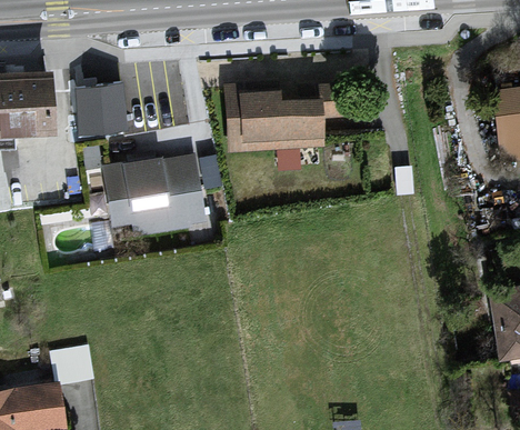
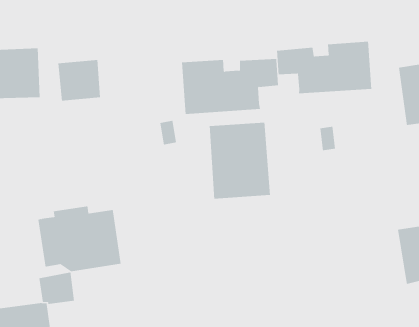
building: none -> [276,41,372,94]
building: [102,156,206,237] -> [38,206,122,272]
building: none -> [209,122,270,199]

